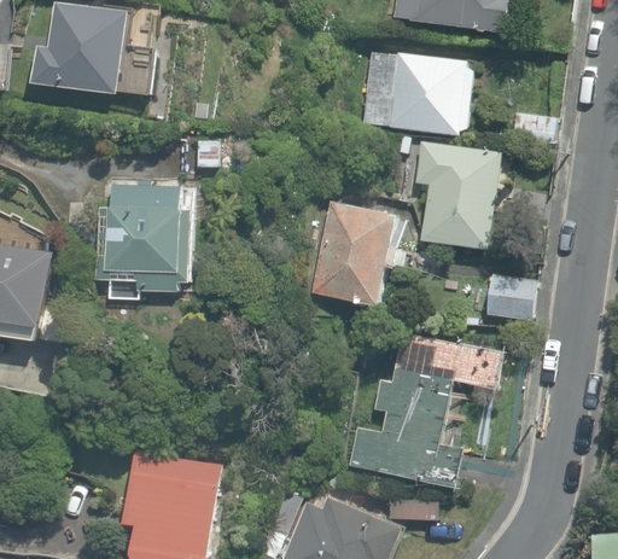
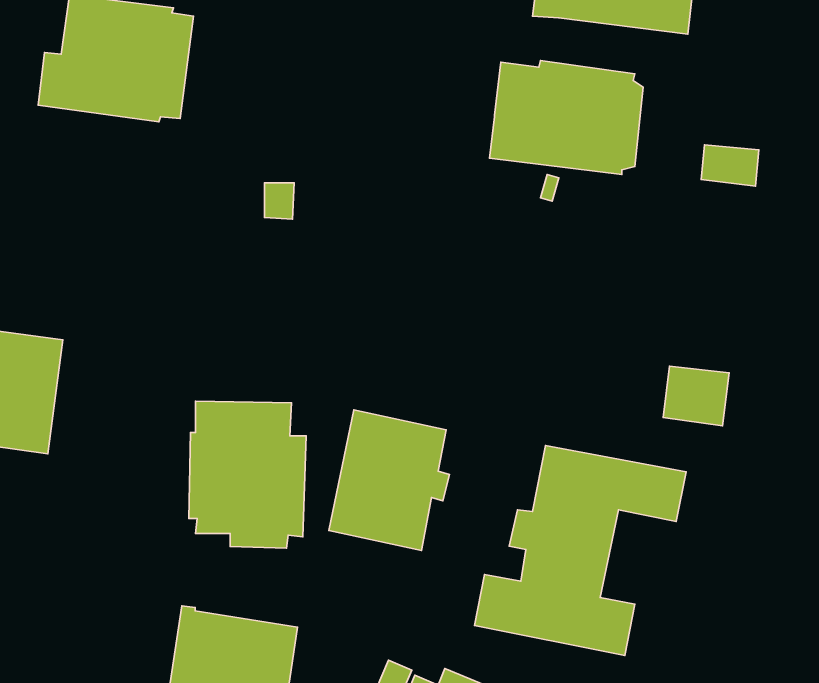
building: [414,141,500,250] -> none
building: [105,185,191,292] -> [189,401,306,548]
building: [311,203,400,305] -> [329,410,450,550]

